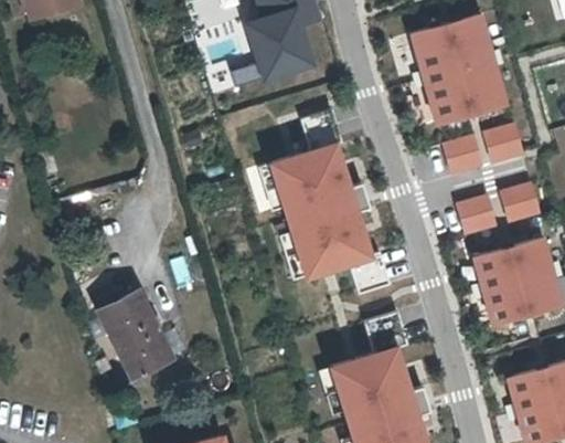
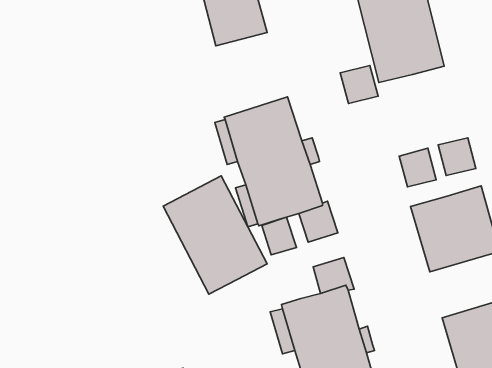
building: [486,123,525,164] -> none
building: [443,135,483,176] -> [340,66,378,103]
building: none -> [163,176,267,294]
building: none -> [262,217,296,255]
building: [89,291,173,387] -> none

